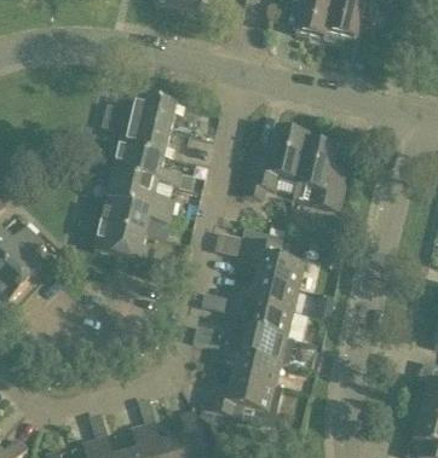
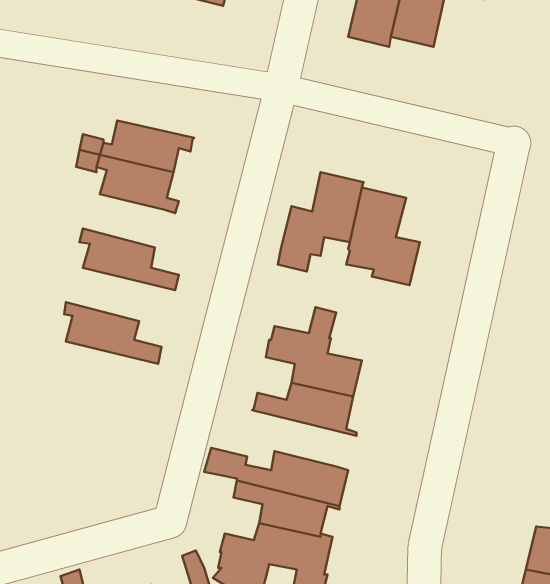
building: [105,144,192,191] -> none
building: [93,197,171,234] -> none
building: [223,297,299,340] -> none

